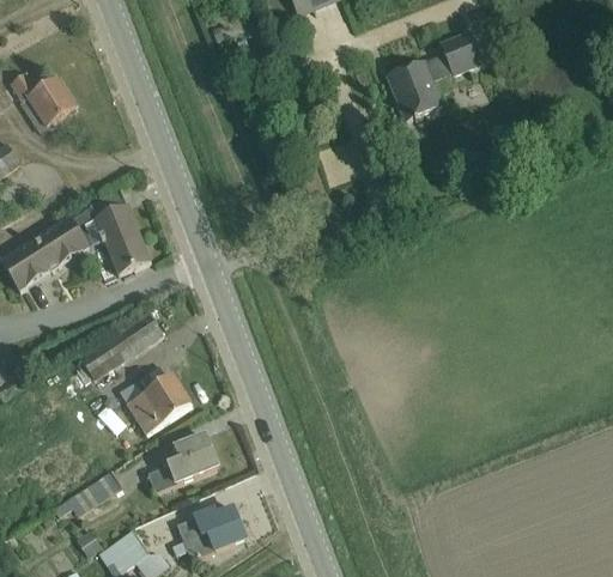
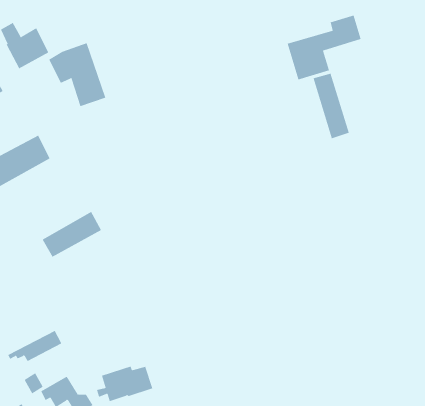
building: none -> [313,73,350,139]
building: [72,190,151,275] -> [48,42,106,107]
building: [119,375,192,435] -> none
building: [147,437,218,492] -> none

